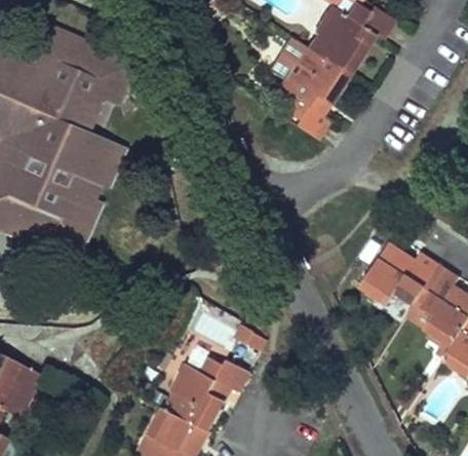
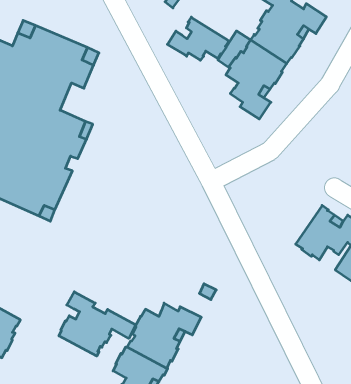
building: none -> [167,17,229,60]
building: none -> [59,292,136,356]

